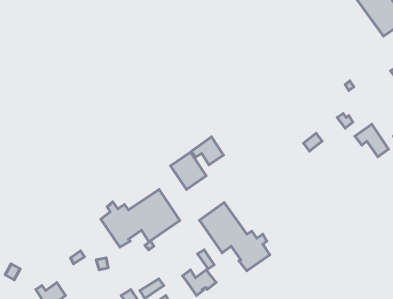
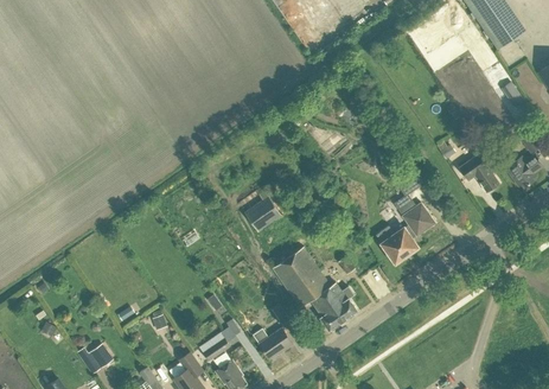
building: [192,137,223,165] -> none
building: none -> [382,195,435,262]
building: [101,190,180,247] -> none

